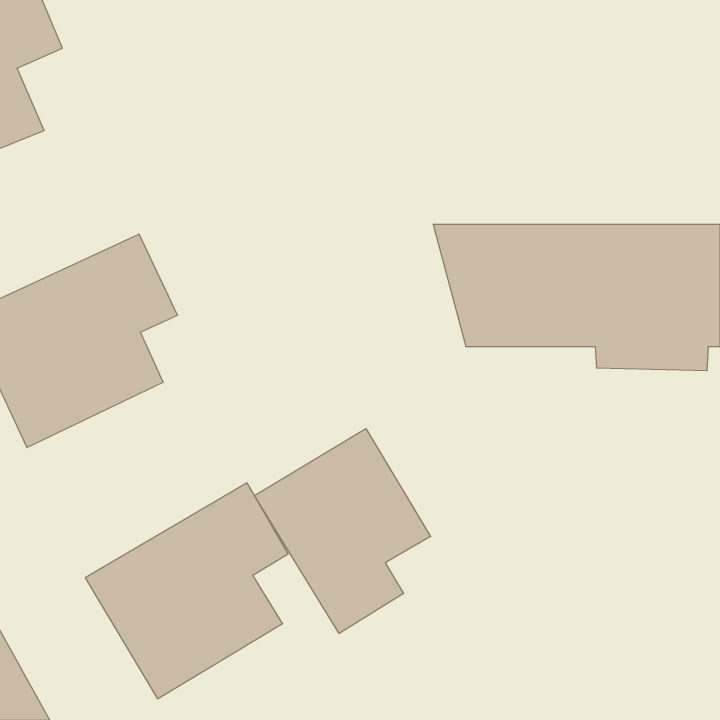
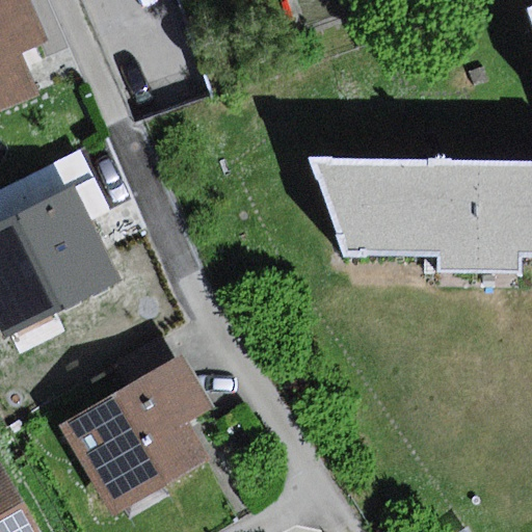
building: [254,428,431,634] -> none

